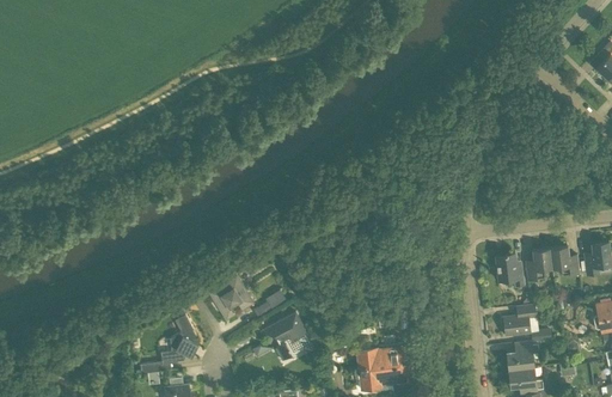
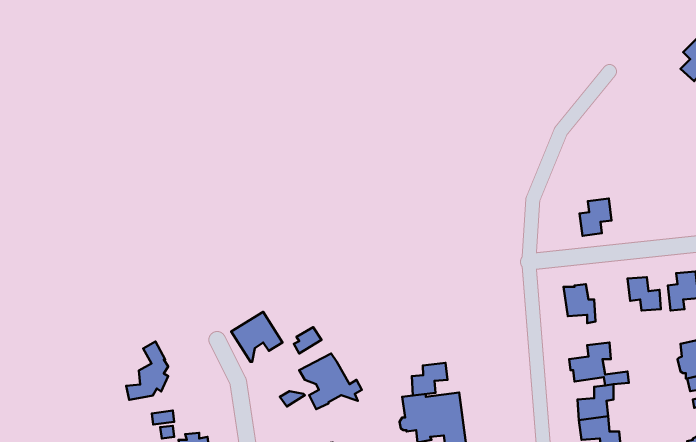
building: [525,248,552,280] -> [580,198,612,236]
building: [160,313,196,364] -> [126,341,168,400]
building: none -> [412,363,448,395]

